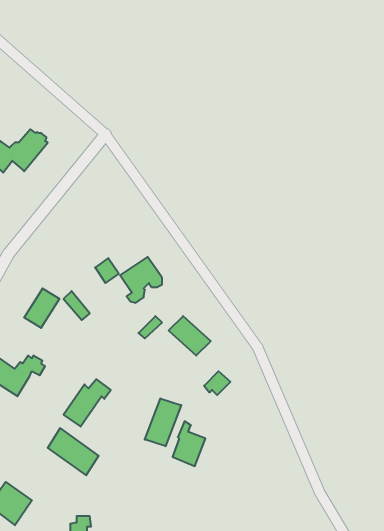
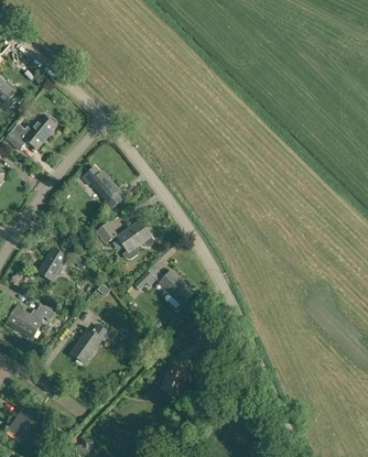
building: none -> [89,171,120,207]
building: [145,398,181,446] -> none
building: [48,428,99,475] -> none

